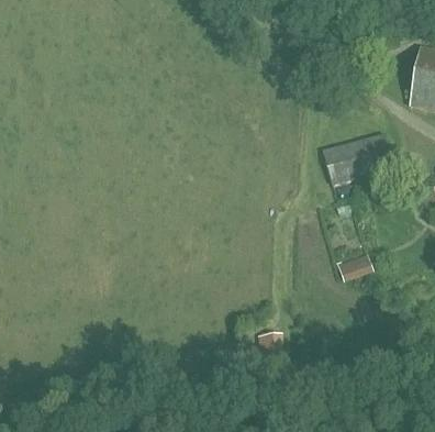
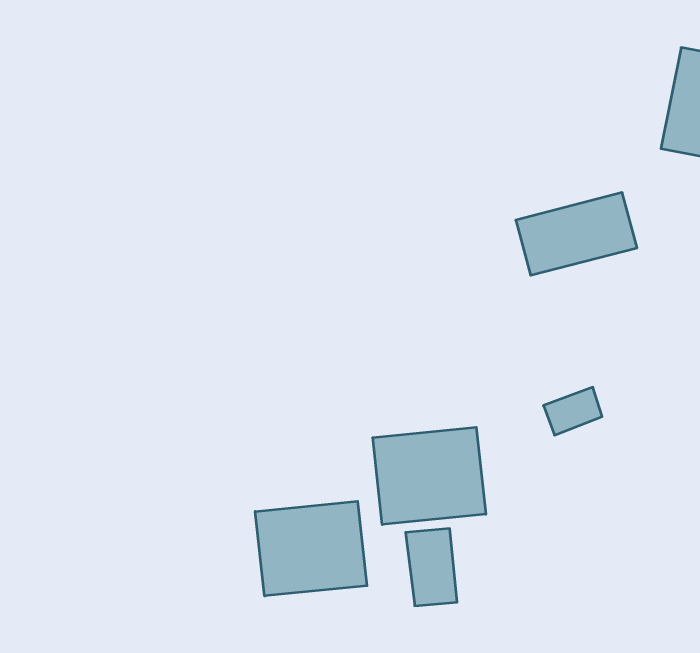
building: none -> [373,427,486,525]
building: none -> [255,501,367,596]

